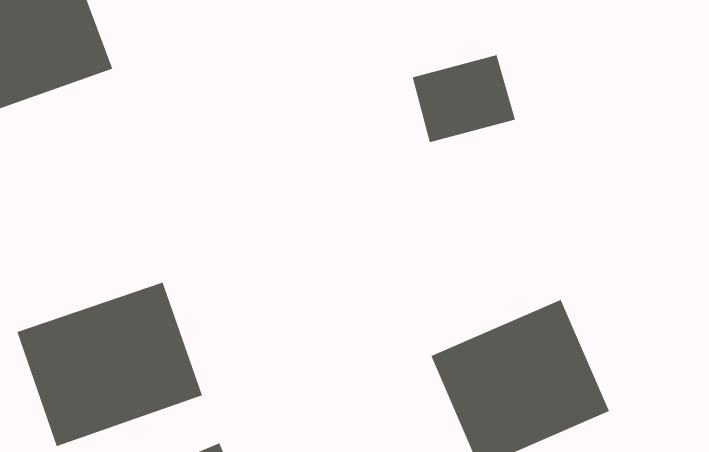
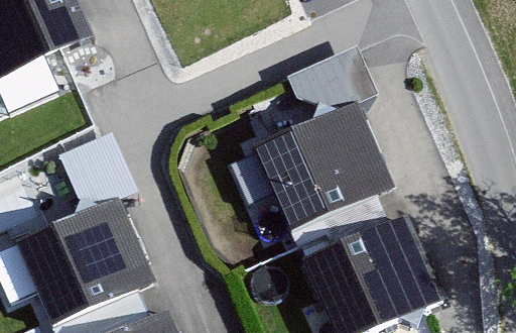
building: none -> [258,107,389,231]
building: none -> [61,126,131,199]

